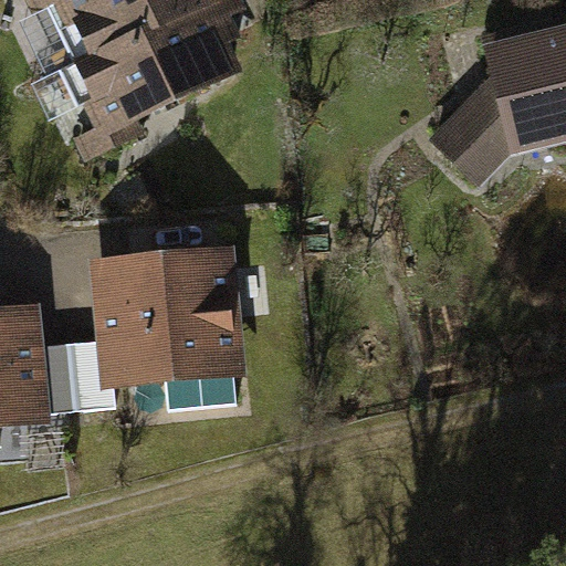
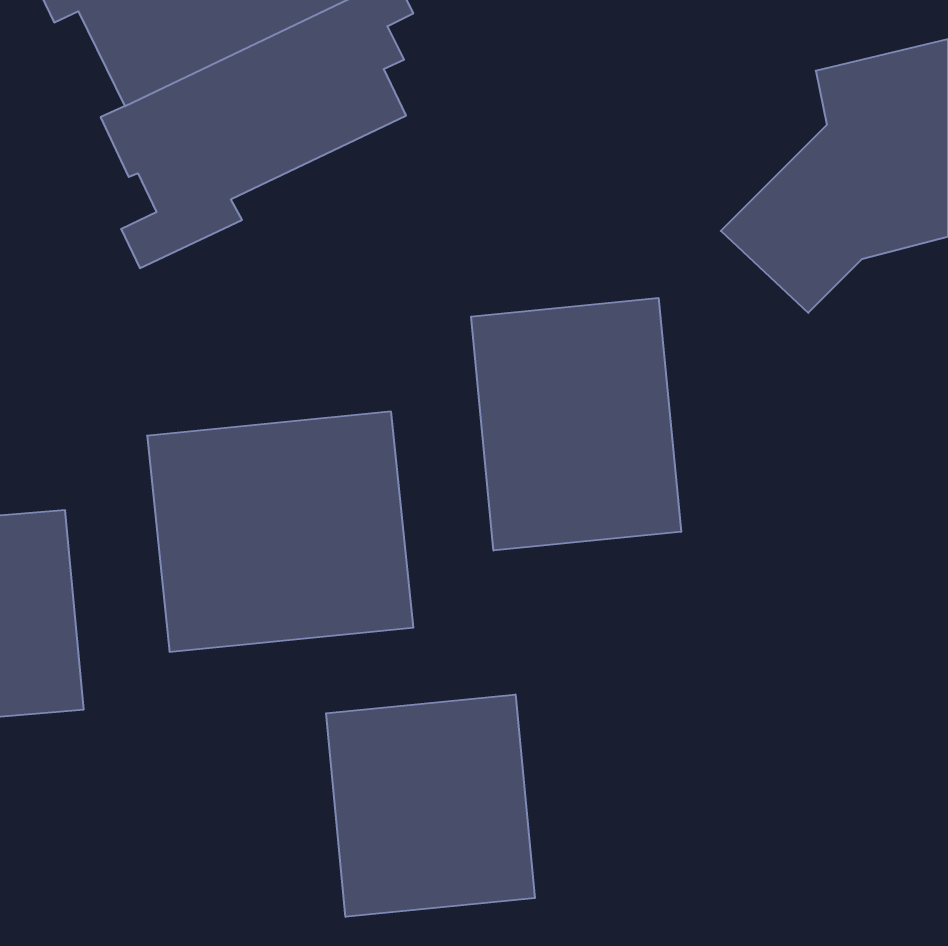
building: none -> [471,298,681,551]
building: none -> [326,694,535,917]

